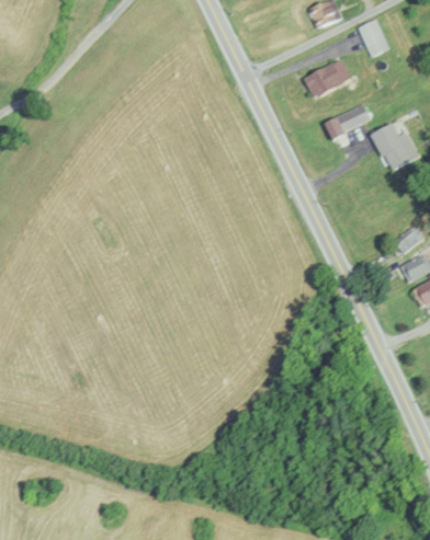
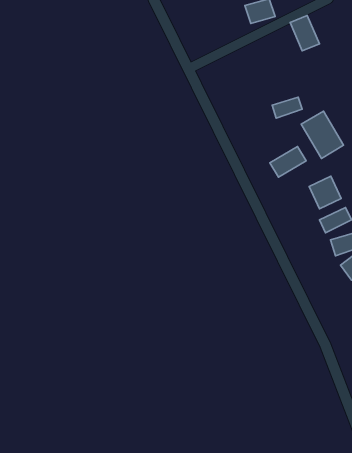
building: [304,62,346,101] -> none
building: none -> [270,147,306,177]
building: none -> [309,176,341,209]

